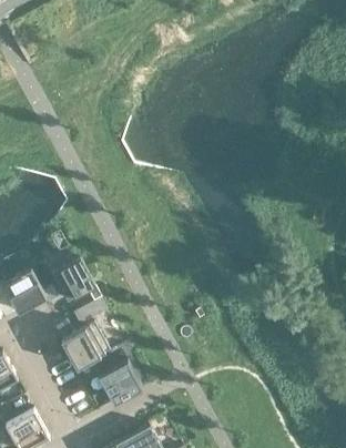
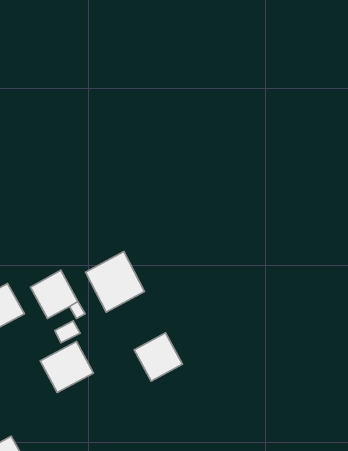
building: none -> [85,251,145,312]
building: [98,360,142,405] -> [134,333,183,381]

